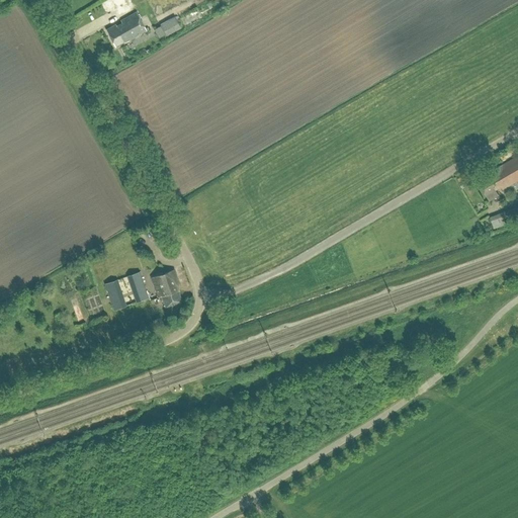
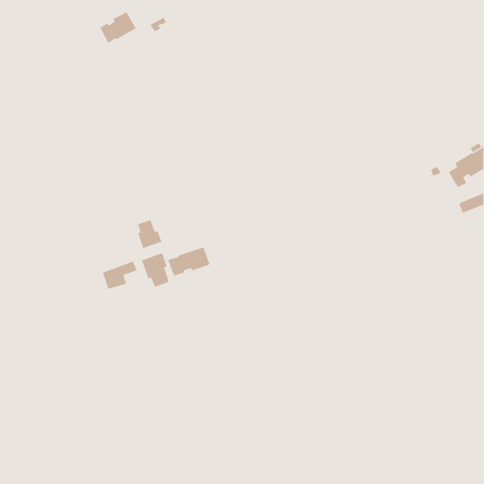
building: none -> [137,219,162,249]
building: none -> [168,246,210,277]

